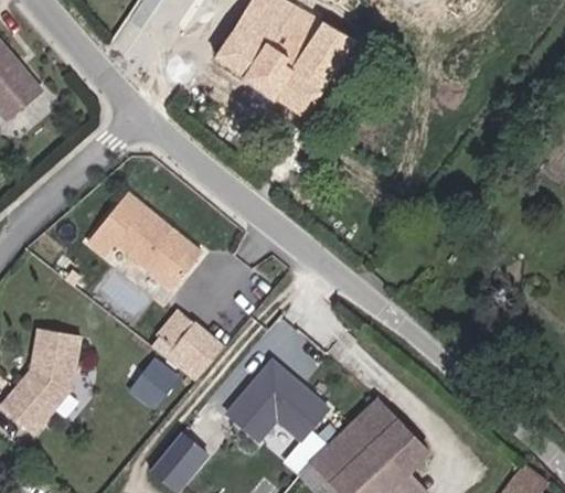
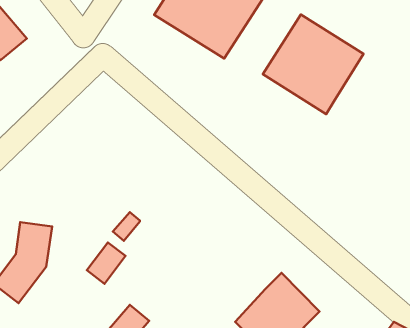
building: none -> [263,14,364,114]
building: [82,193,203,292] -> none
building: [171,330,222,379] -> none
building: [225,367,326,447] -> none

